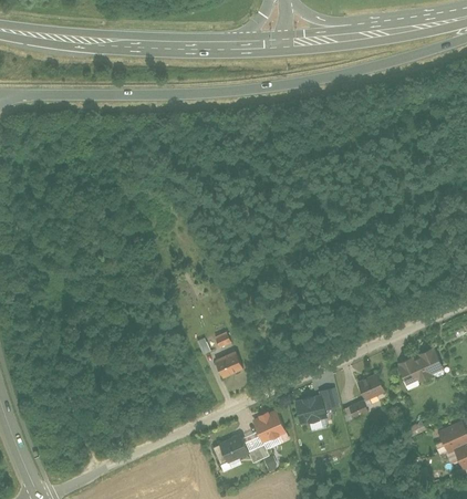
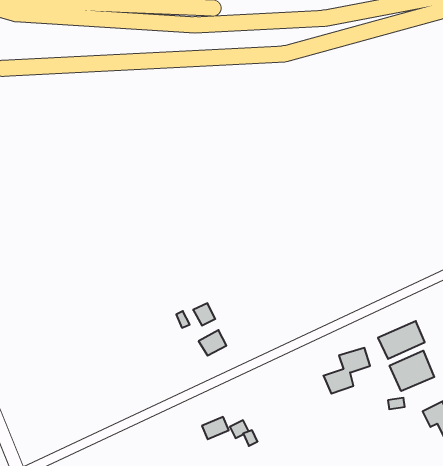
building: none -> [390,351,434,391]
building: [293,387,338,424] -> none
building: [255,415,286,444] -> none

